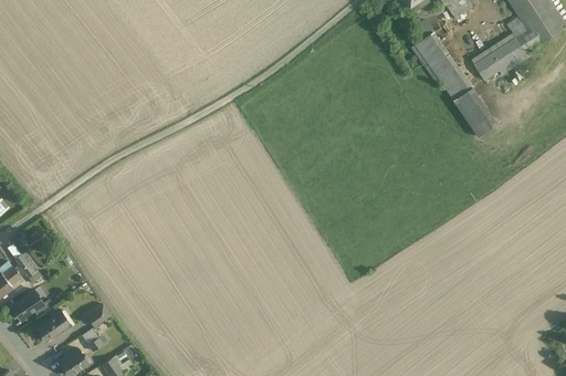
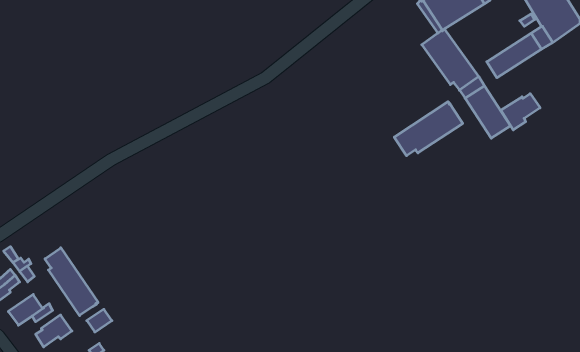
building: none -> [501,94,540,130]
building: none -> [394,102,463,156]
building: none -> [45,248,98,316]

